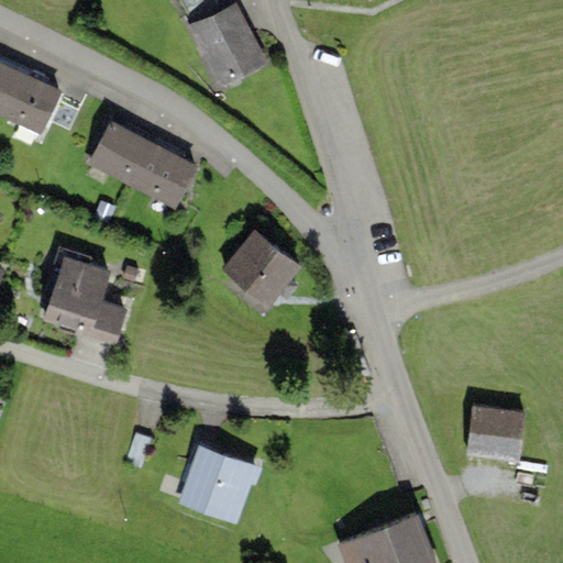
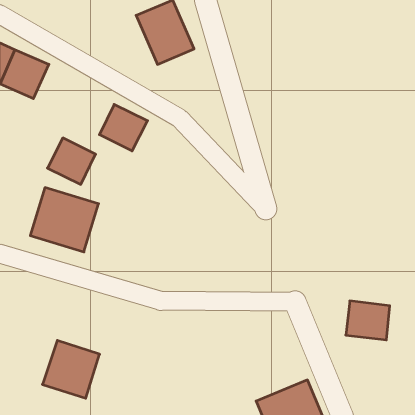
building: [89,121,154,184] -> [47,138,96,184]
building: [222,224,300,299] -> none
building: [179,445,256,523] -> [42,340,100,398]

